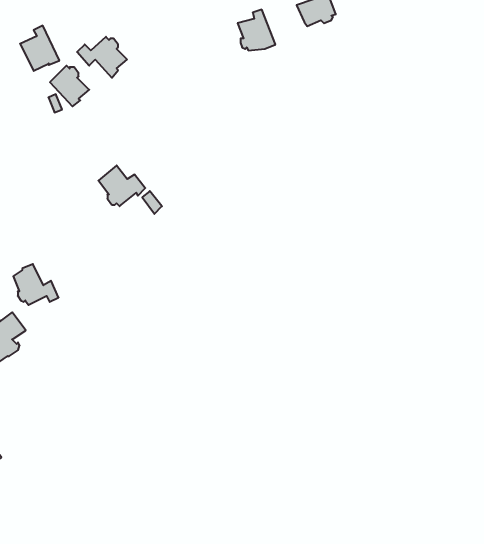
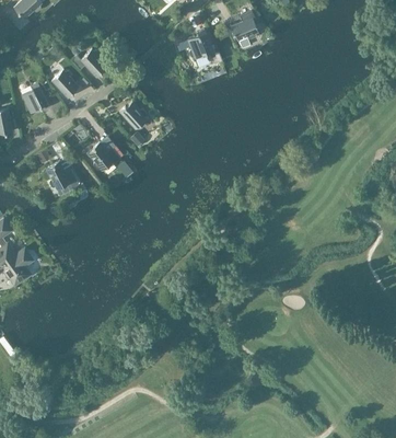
building: [20,26,59,71] -> [22,81,50,114]
building: none -> [120,100,149,129]
building: [13,264,59,305] -> [47,160,80,189]

